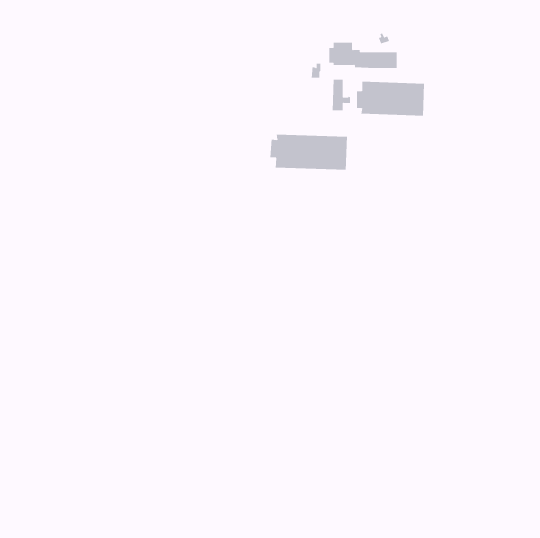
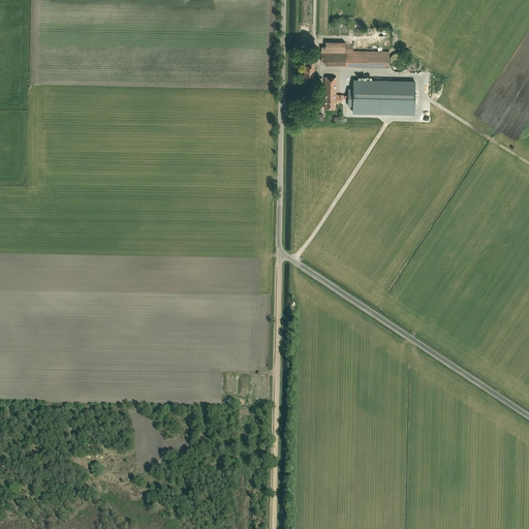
building: [270,134,347,171] -> none

